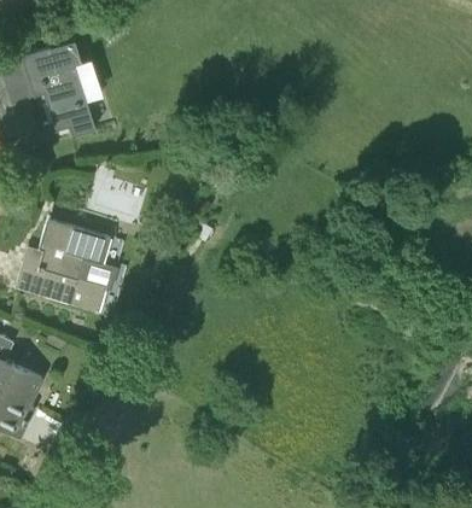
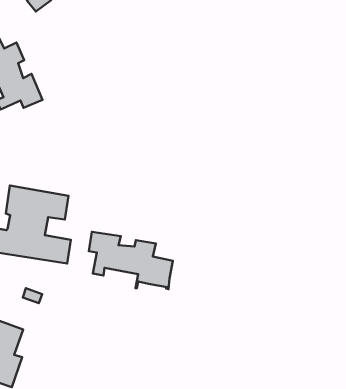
building: none -> [89,232,173,289]

